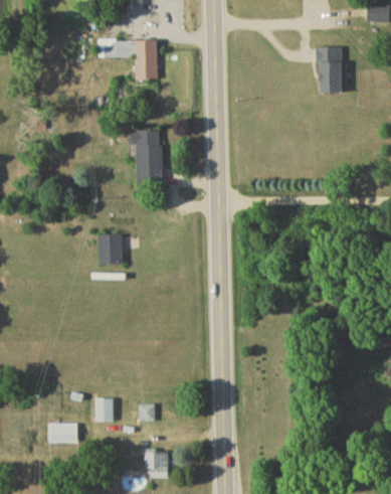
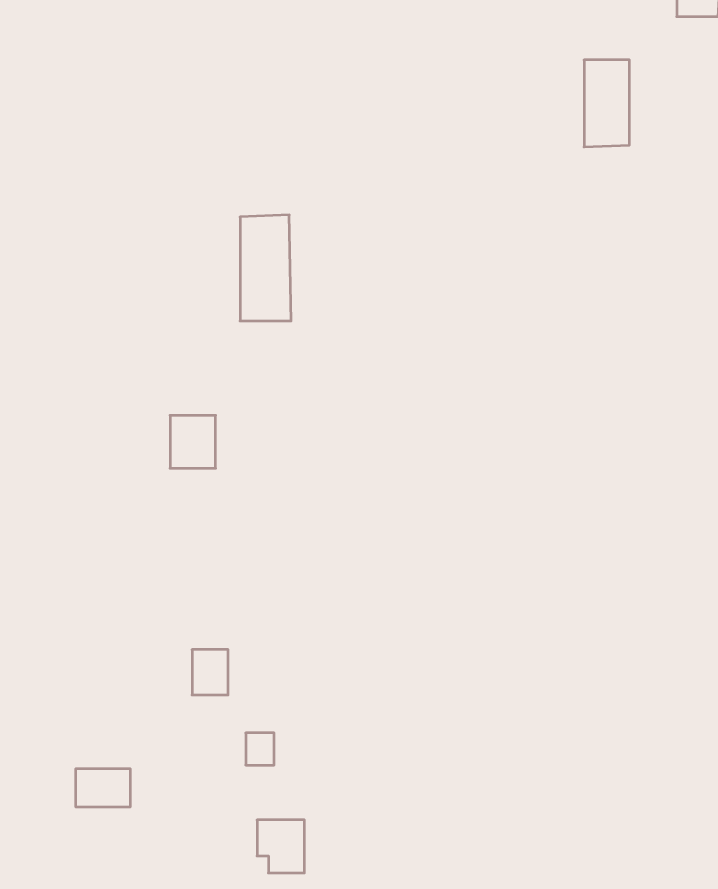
building: [96,39,157,78] -> none
building: [93,397,113,422] -> [192,650,228,695]

